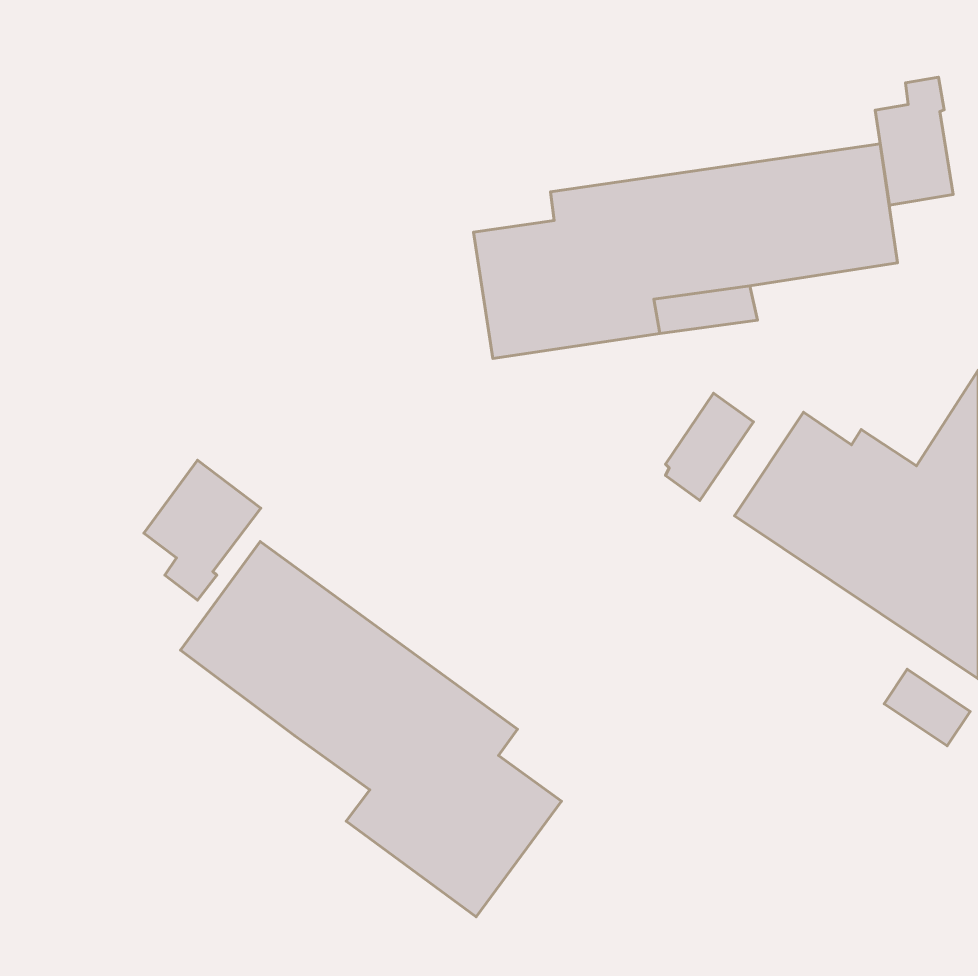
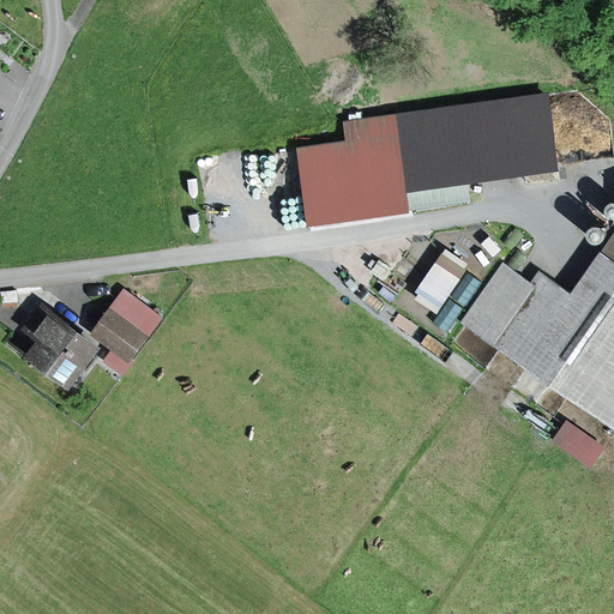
building: [875,77,953,205] -> none
building: none -> [23,303,101,387]
building: [181,541,561,917] -> none

